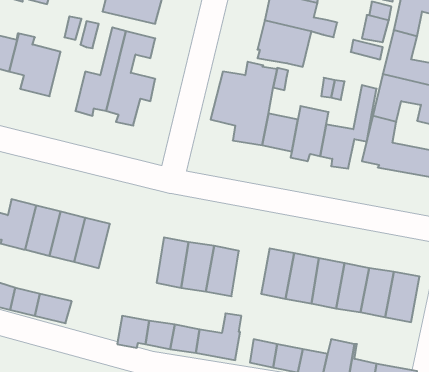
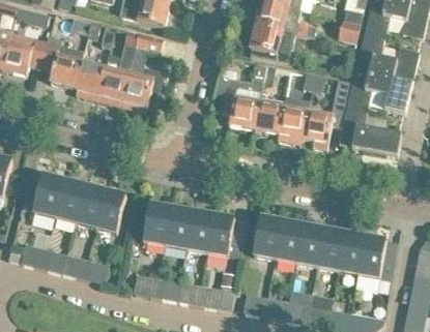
building: none -> [75,51,105,100]
building: none -> [143,204,171,245]

